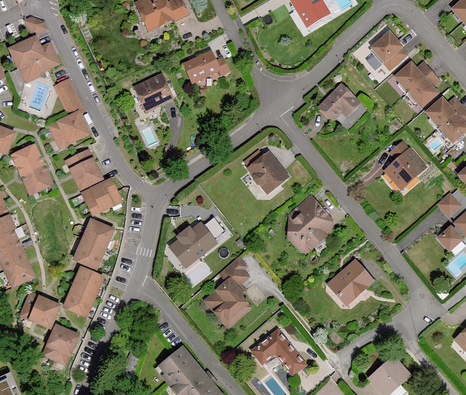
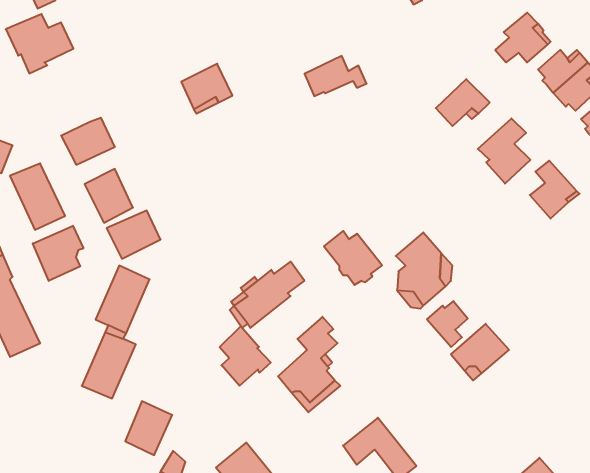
building: [184,51,229,80] -> [304,56,367,96]
building: [55,80,83,116] -> none
building: none -> [478,118,530,184]
building: [245,151,287,190] -> [324,231,382,285]
building: none -> [33,226,83,281]
building: none -> [427,301,468,347]
building: none -> [220,326,271,386]
building: [21,293,59,327] -> none
building: [44,325,78,364] -> [125,401,172,455]

